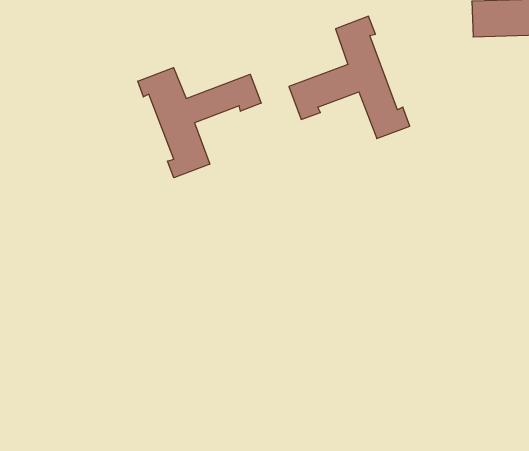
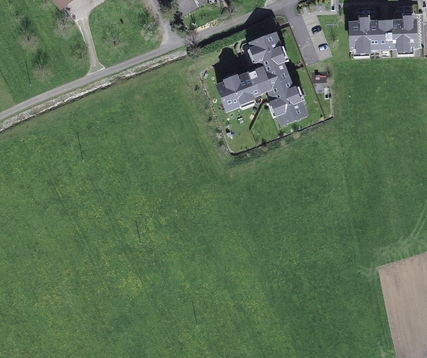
building: [138,68,261,178] -> none

